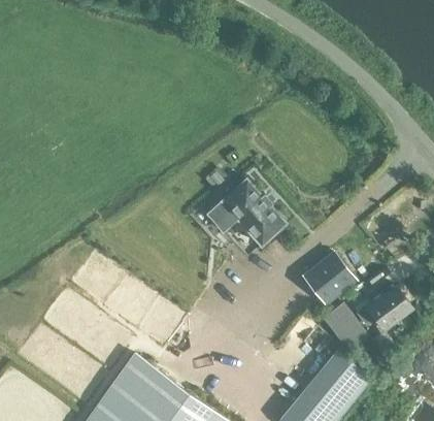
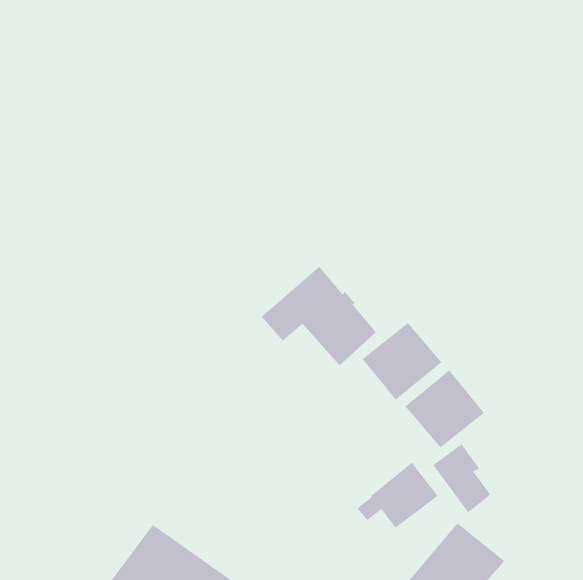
building: none -> [362,322,442,401]
building: [357,285,411,329] -> [356,462,438,528]

